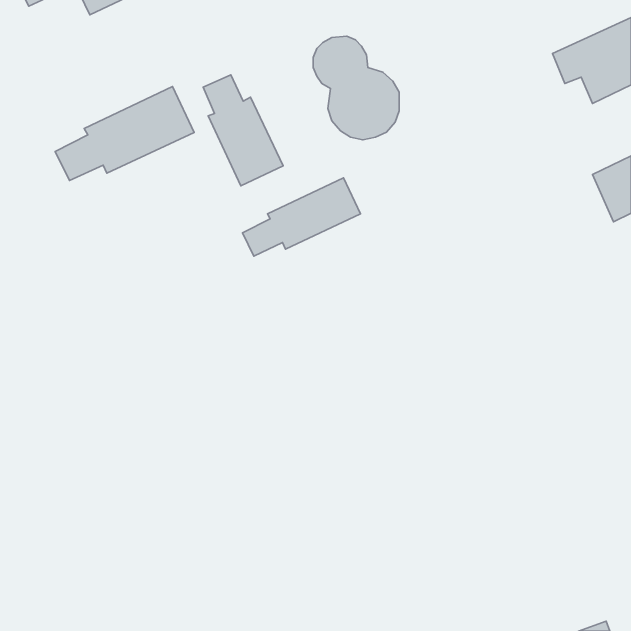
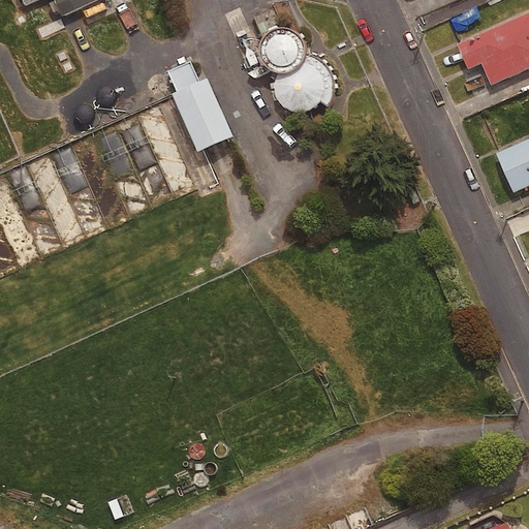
building: [55,87,194,181] -> none
building: [242,178,361,256] -> none

